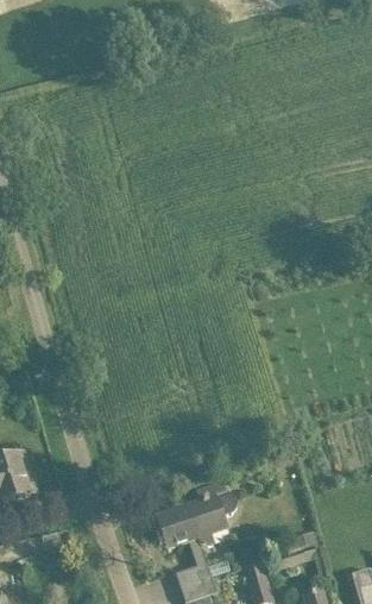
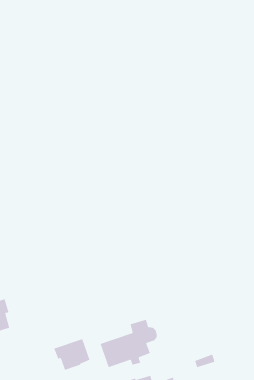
building: none -> [53,338,91,371]

